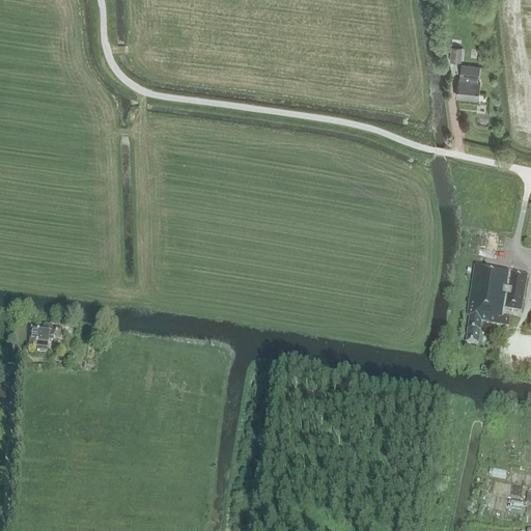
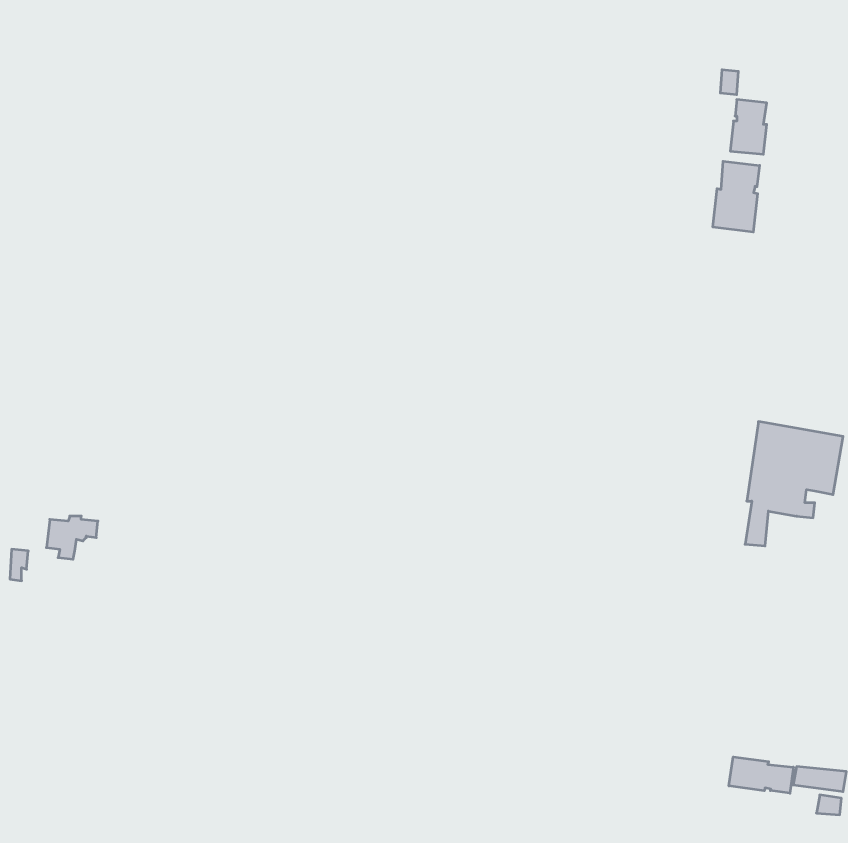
building: none -> [713,161,760,232]
building: none -> [729,757,793,793]

